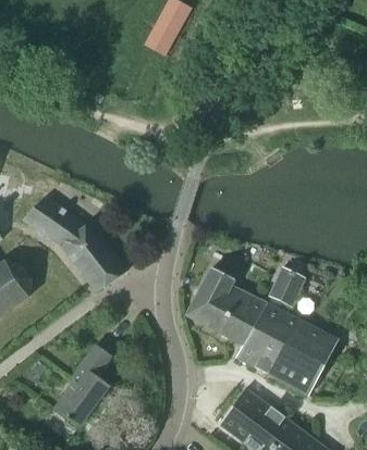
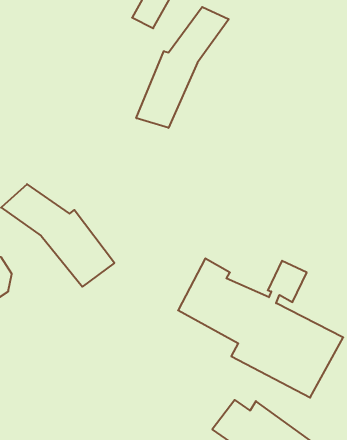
building: none -> [136,7,229,128]
building: [54,345,111,426] -> none

